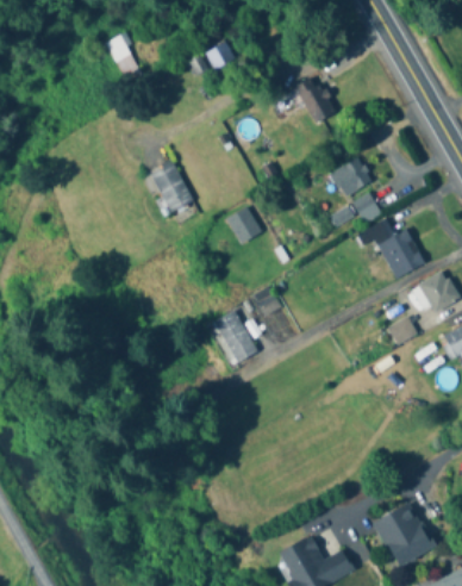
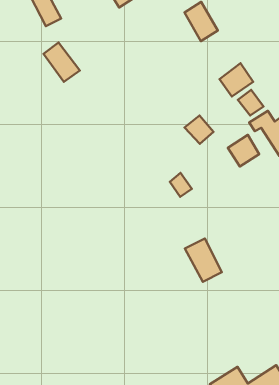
building: [150,162,193,212] -> [44,42,80,82]
building: [225,207,261,243] -> [185,115,214,144]
building: none -> [228,135,259,166]
building: [212,311,255,364] -> [185,239,222,282]

